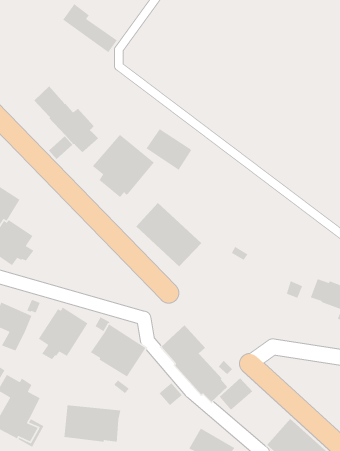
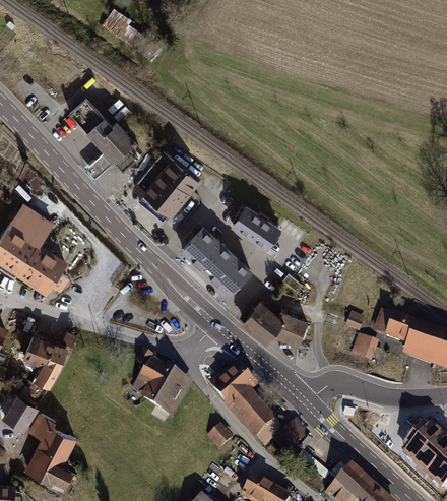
building: [146,128,192,171] -> [232,203,282,250]
building: none -> [243,301,309,347]
building: none -> [350,332,382,360]
building: [38,306,88,360] -> none
building: [64,404,121,443] -> none

